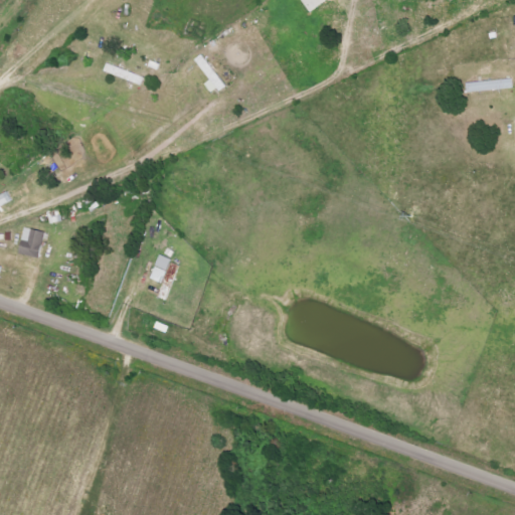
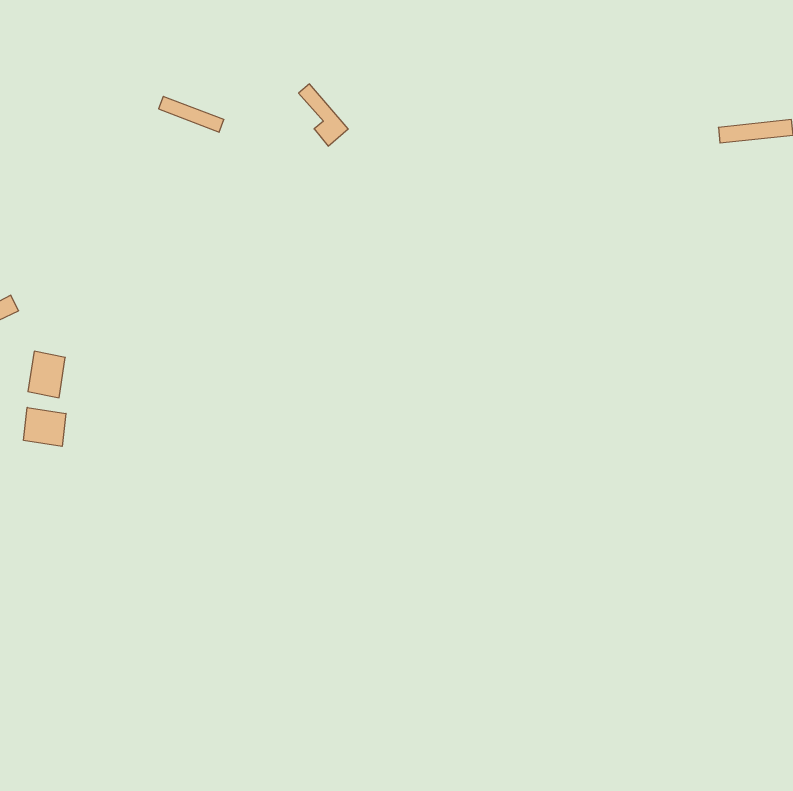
building: [150,255,180,286] -> none
building: none -> [24,407,66,446]

